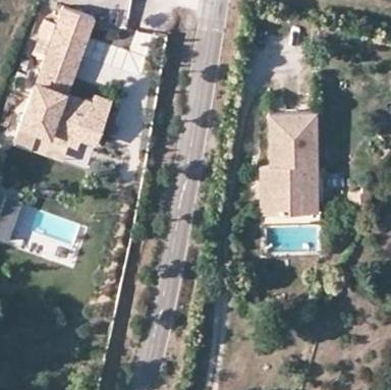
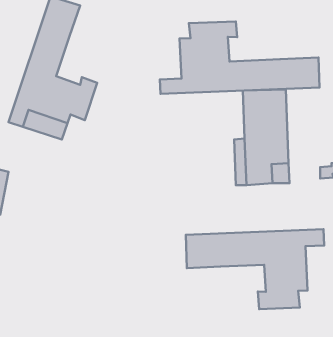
building: none -> [160,21,320,94]
building: none -> [186,229,324,309]

